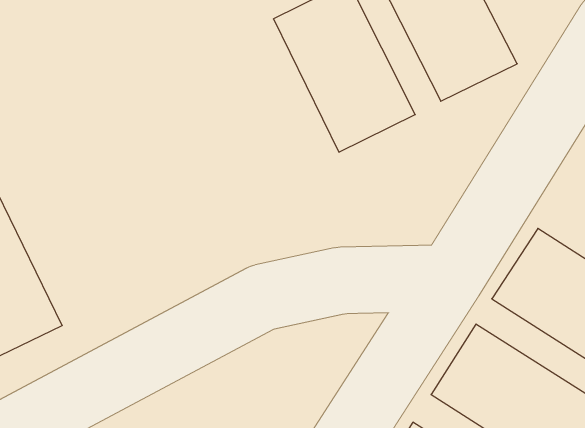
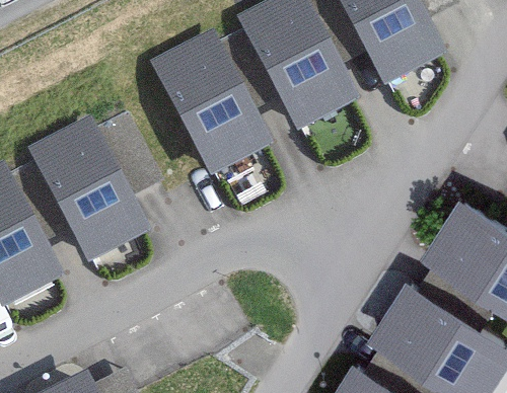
building: none -> [153,33,272,175]
building: none -> [32,123,150,265]

